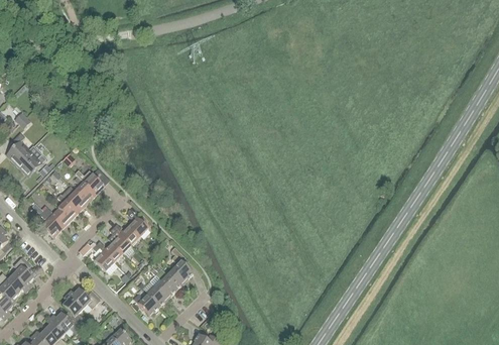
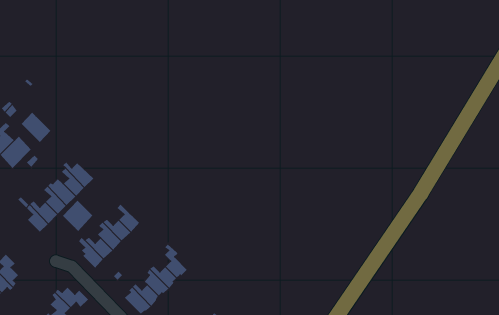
building: none -> [21,112,51,143]
building: none -> [62,200,93,232]

